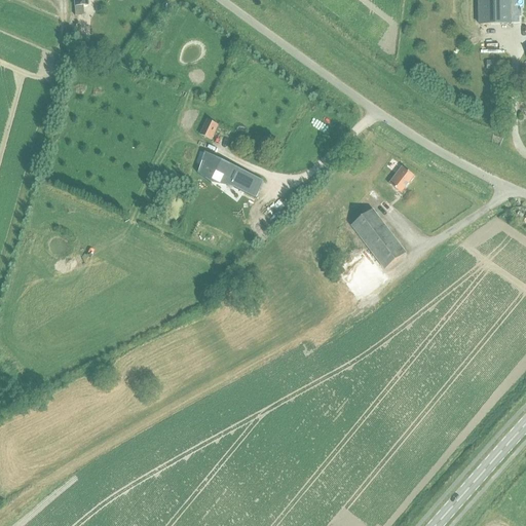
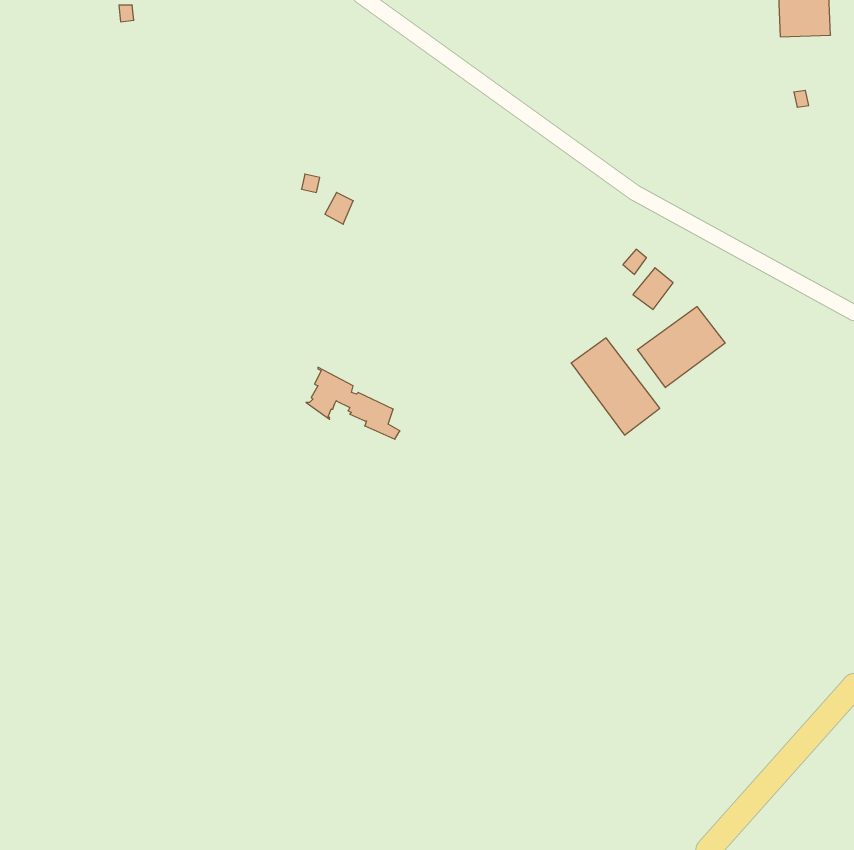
building: [196,149,254,193] -> [306,367,400,439]
building: none -> [637,307,725,388]

